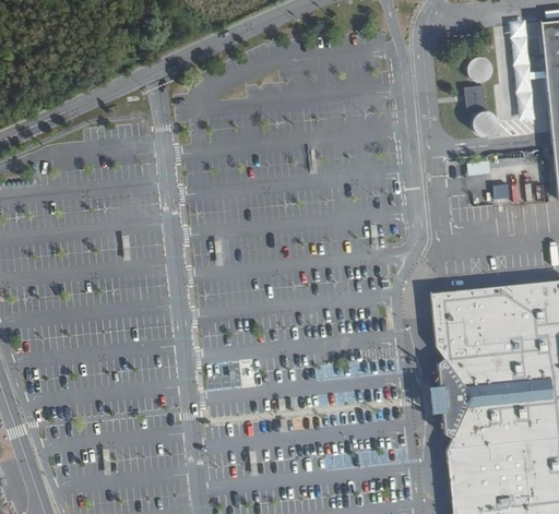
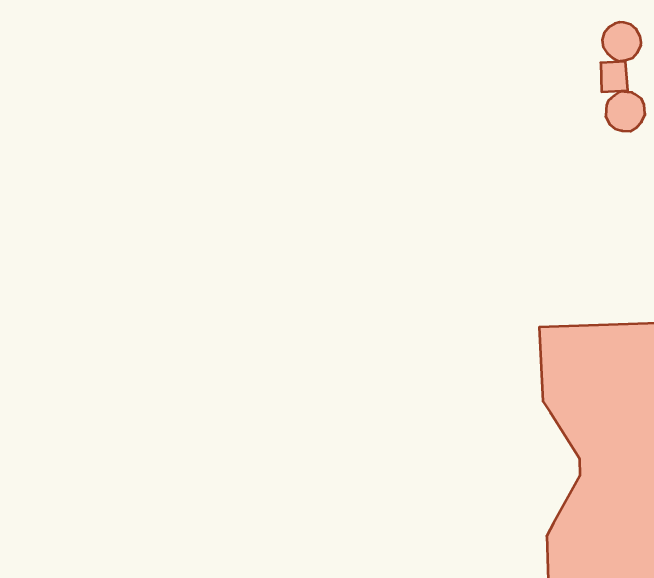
building: [421,357,469,440] -> none

